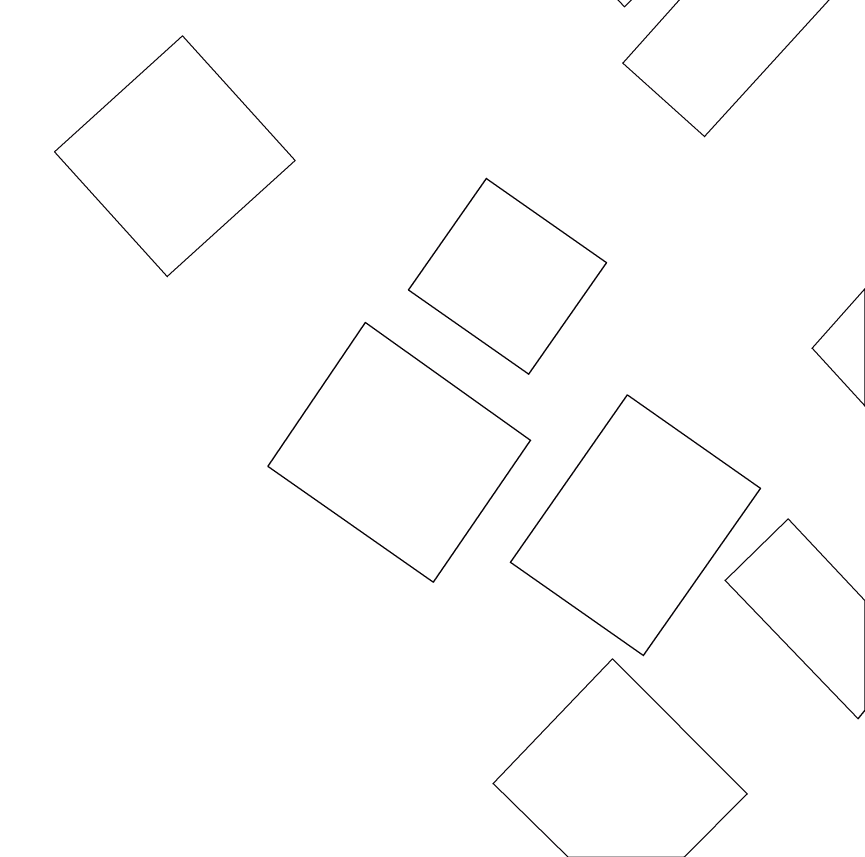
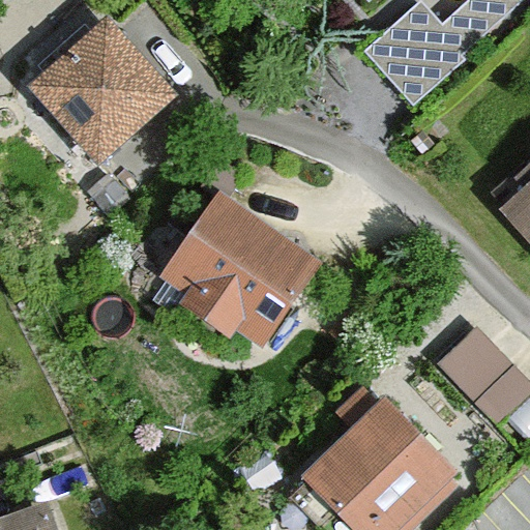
building: [409,178,606,374] -> none
building: [510,395,760,656] -> none

